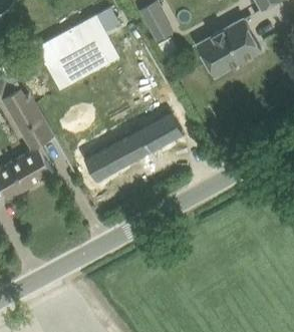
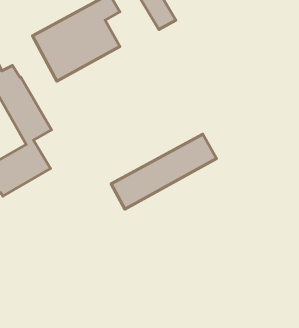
building: [197,19,261,76] -> none
building: [89,107,190,179] -> [111,134,217,209]

